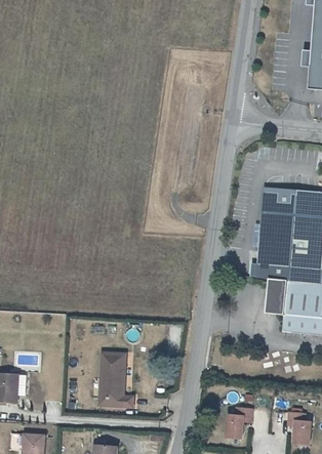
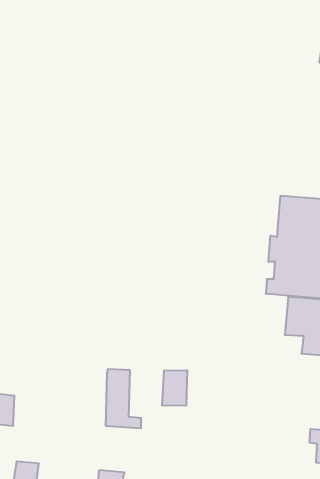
building: none -> [162,370,187,406]
building: [228,409,253,438] -> none

